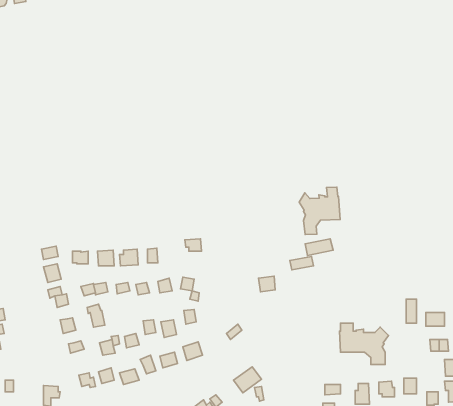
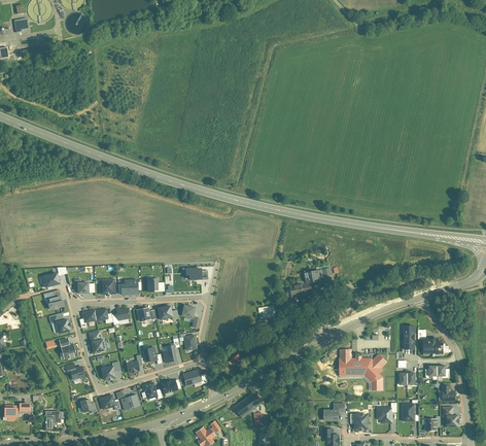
building: [299,187,340,235] -> none

